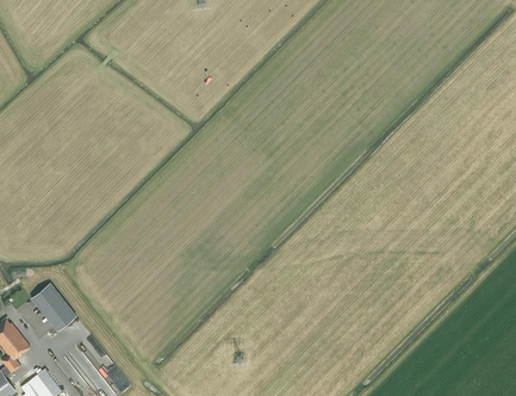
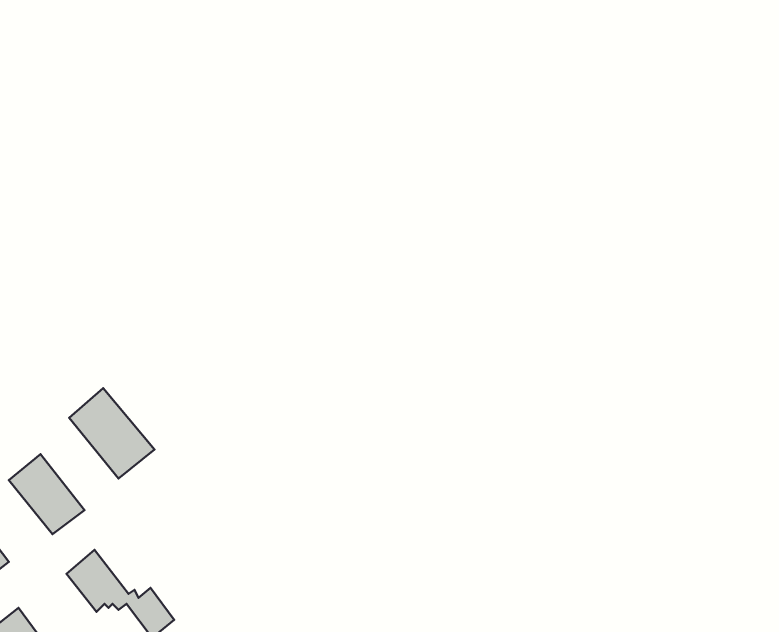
building: none -> [69,388,154,479]

